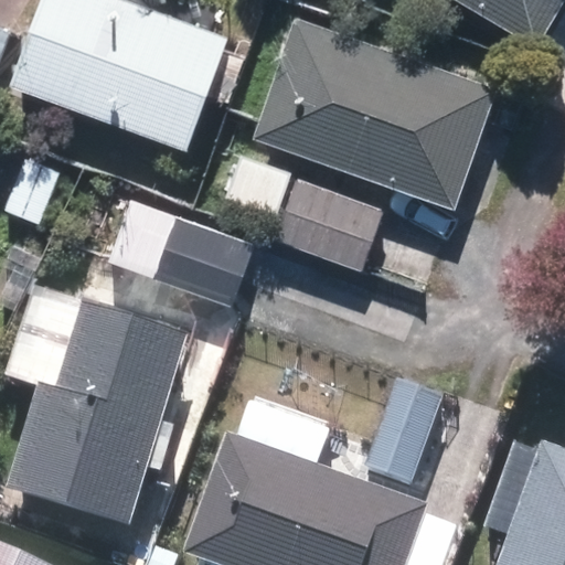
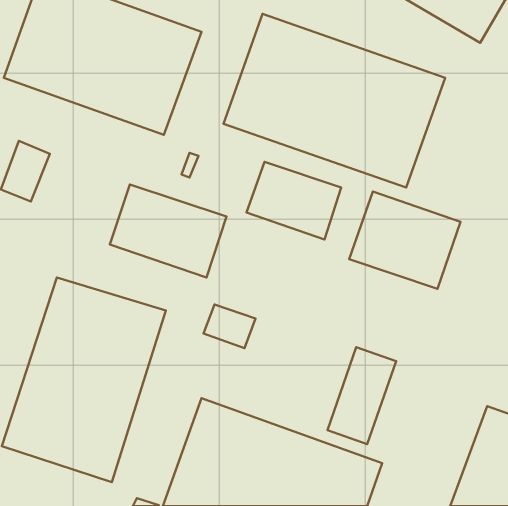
building: none -> [349,192,460,289]

